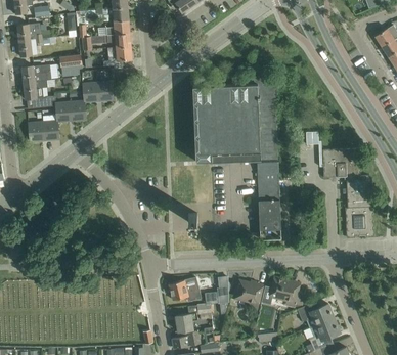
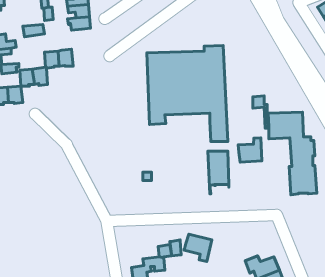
building: none -> [238,138,262,162]
building: [169,278,200,302] -> none
building: [262,278,305,309] -> none

